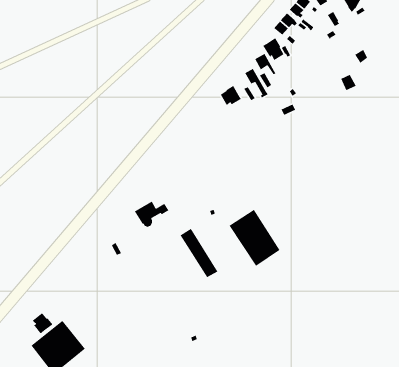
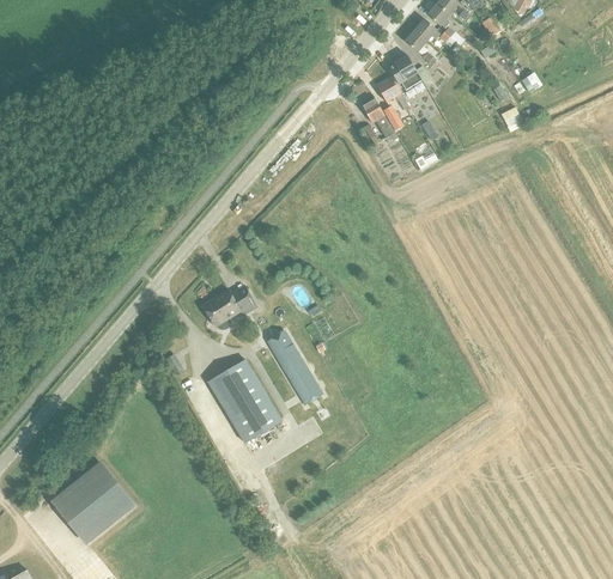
building: [220,85,242,106] -> none
building: [228,209,281,267] -> [206,358,281,441]
building: [32,312,53,334] -> none

